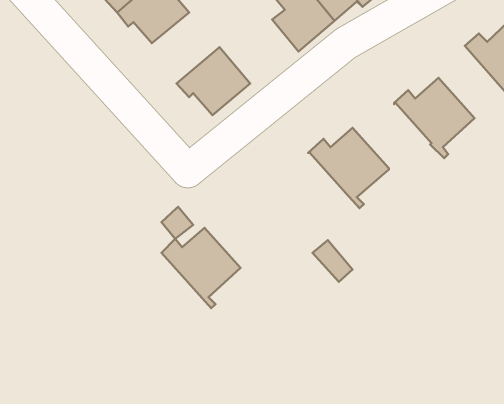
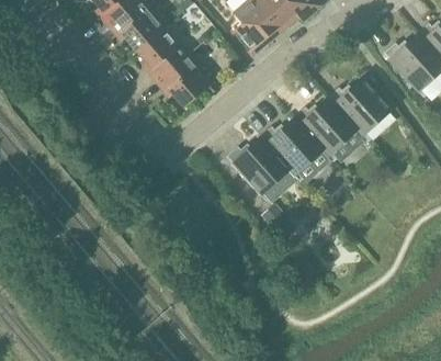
building: none -> [136,25,190,81]
building: none -> [294,97,358,160]
building: [161,228,240,308] -> [227,136,290,200]

